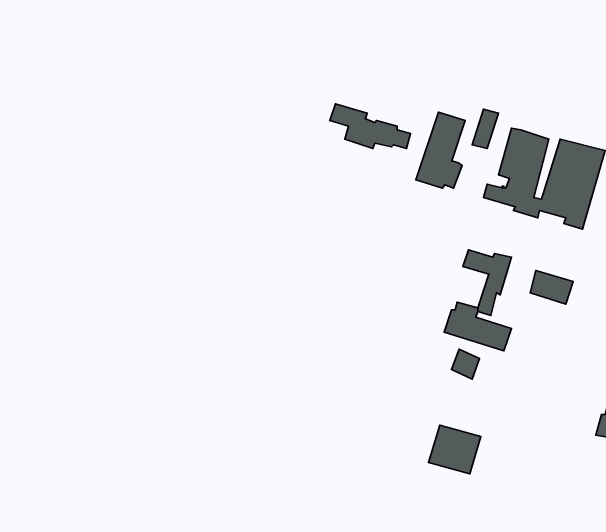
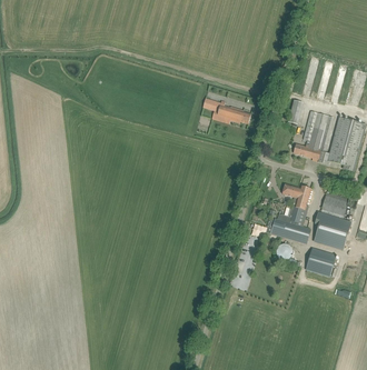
building: [416,112,465,188] -> none
building: none -> [314,213,350,248]
building: [428,425,481,474] -> [305,247,336,276]

